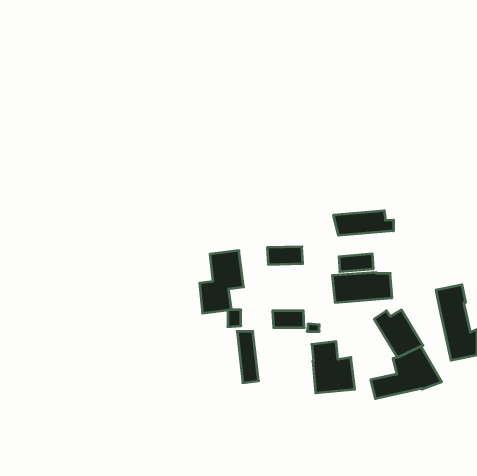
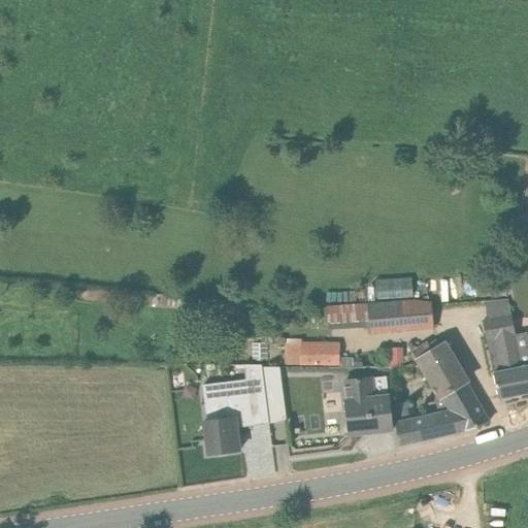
building: [334,211,394,235] -> none
building: [267,247,303,264] -> [329,301,368,321]
building: [200,251,244,313] -> [204,385,253,454]

